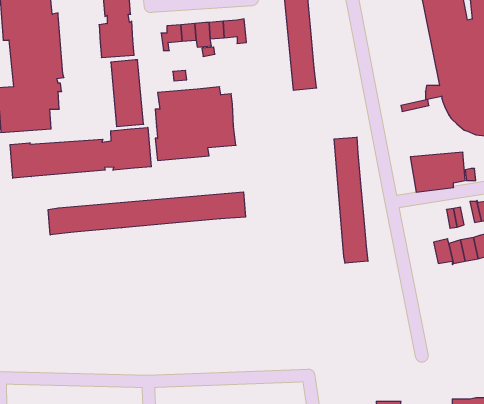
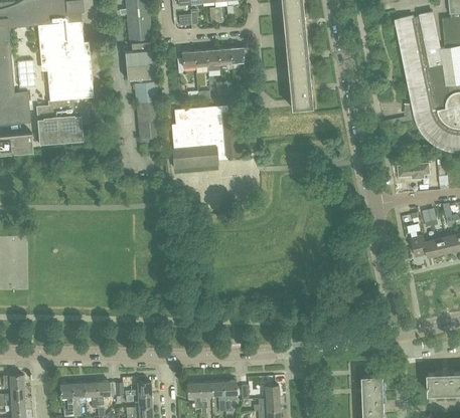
building: [10,127,151,178] -> none
building: [334,137,368,263] -> none
building: [48,192,245,235] -> none

